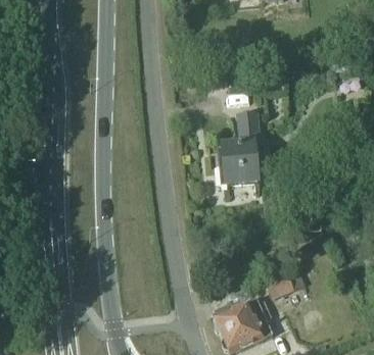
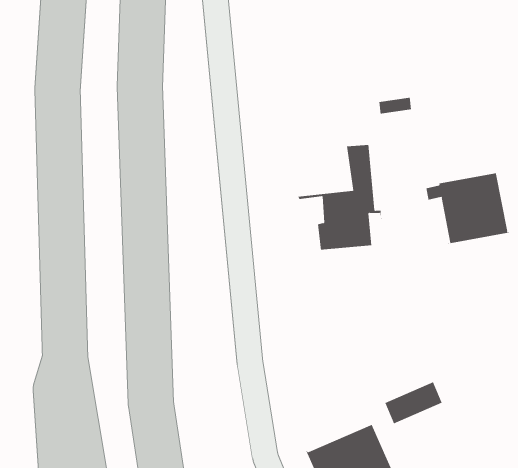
building: none -> [426,172,511,245]

